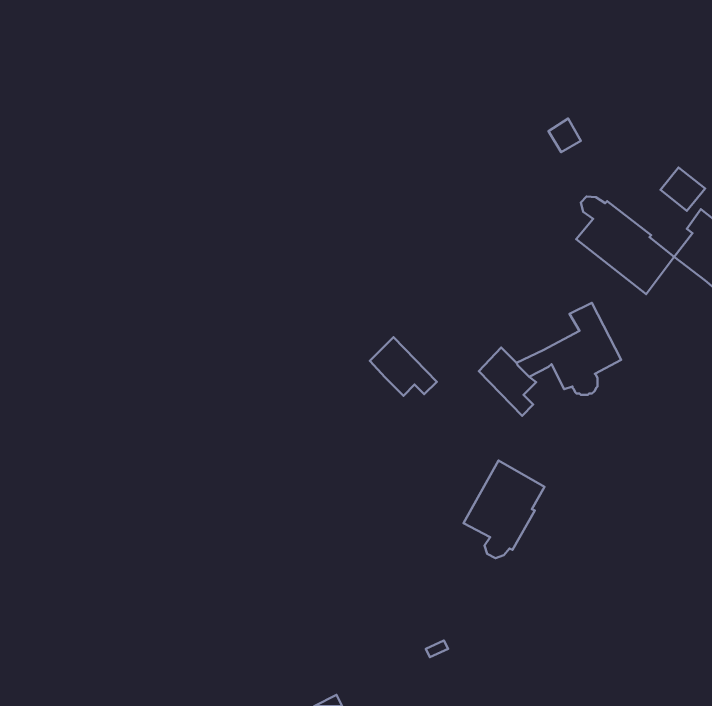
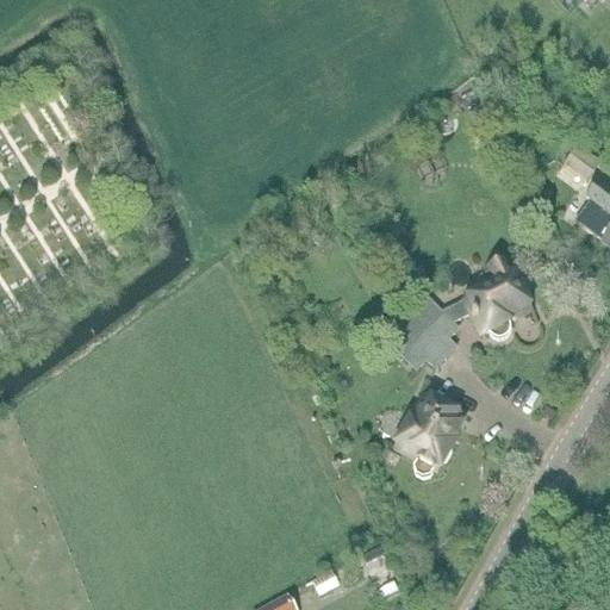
building: [576,196,674,294] -> none
building: [370,337,437,396] -> [390,317,447,367]

